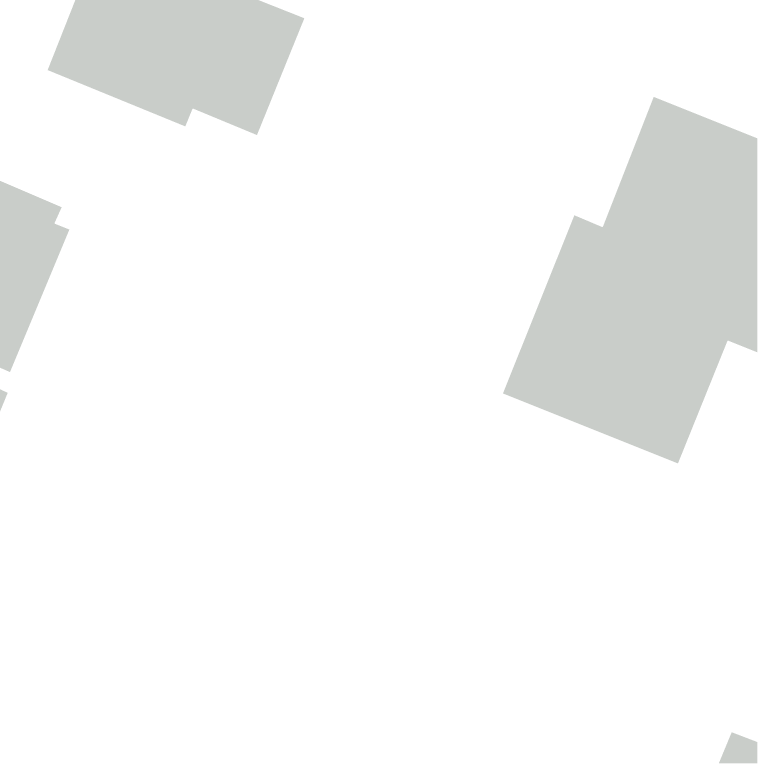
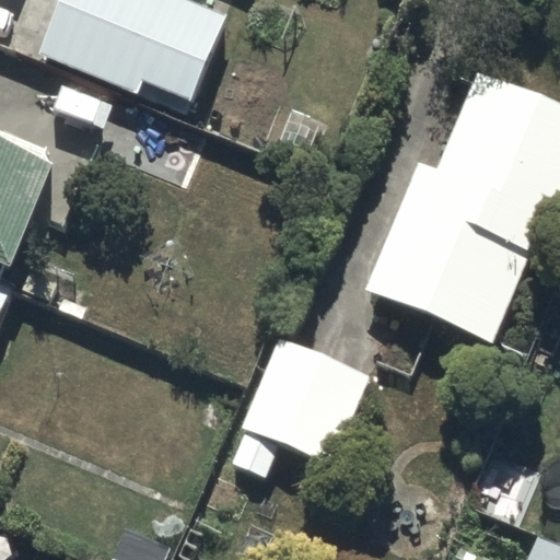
building: none -> [230,338,370,477]

